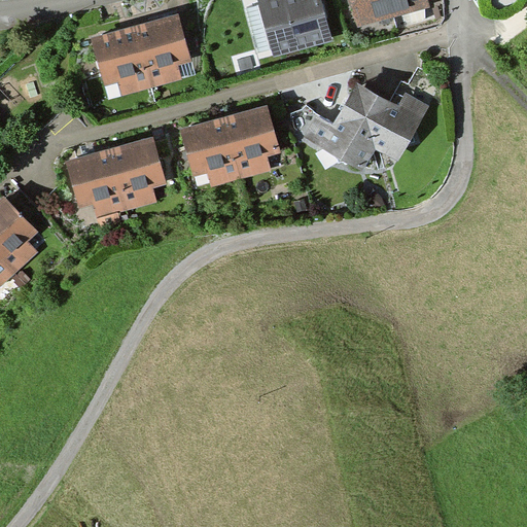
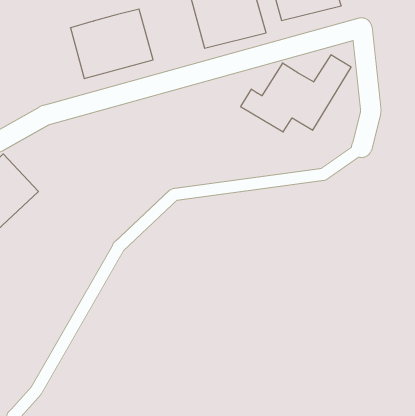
building: [176,104,284,192] -> none
building: [64,136,168,222] -> none

